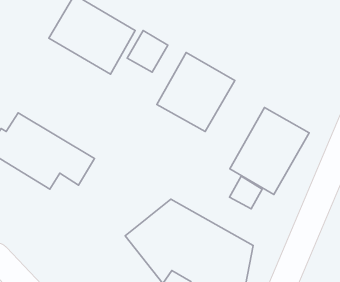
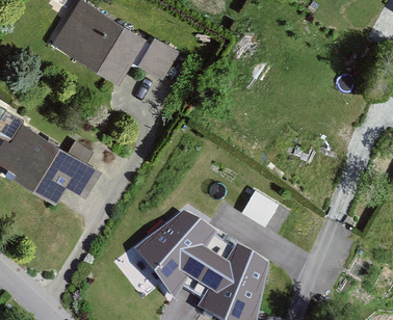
building: [157,53,235,132] -> none
building: [230,107,309,195] -> none

